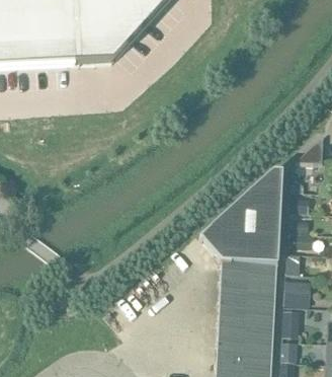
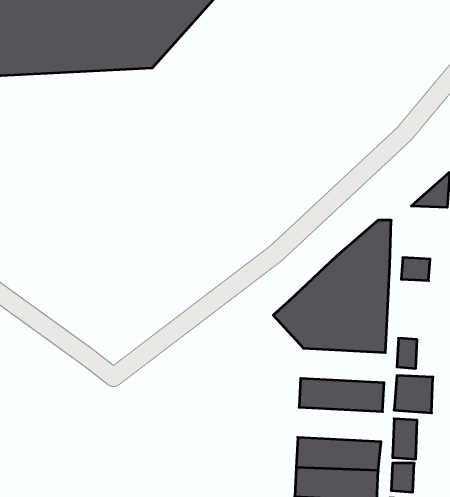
building: [219,259,278,284] -> none
building: [217,301,276,325] -> none

